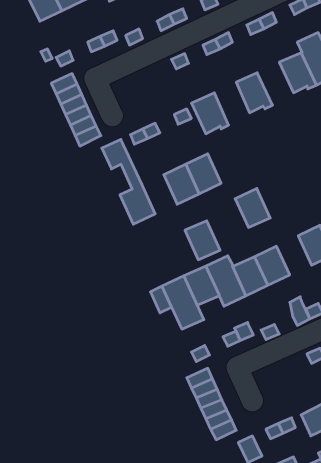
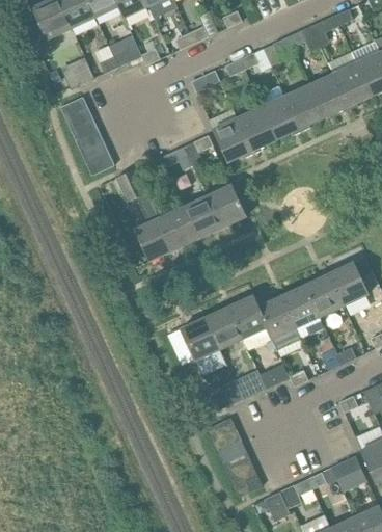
building: none -> [284,84,324,131]
building: none -> [238,106,276,153]
building: [235,188,270,227] -> [305,273,344,316]
building: [185,221,220,260] -> [159,207,197,249]

